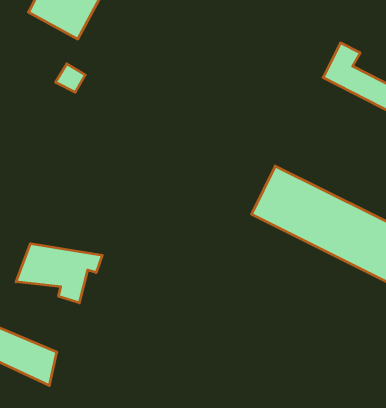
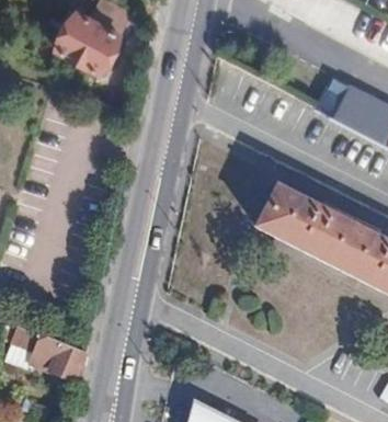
building: [16,244,102,303] -> none

